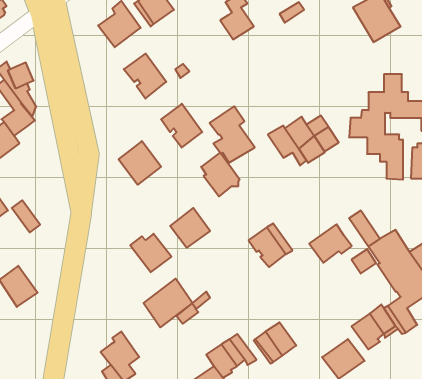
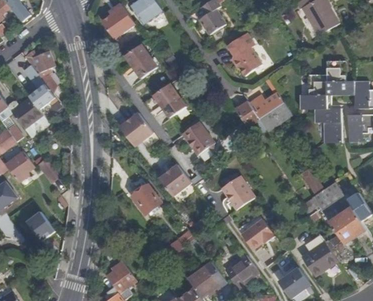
building: [210,106,255,163] -> [226,32,261,76]
building: [309,224,352,263] -> [241,217,274,247]
building: [144,279,192,327] -> none

